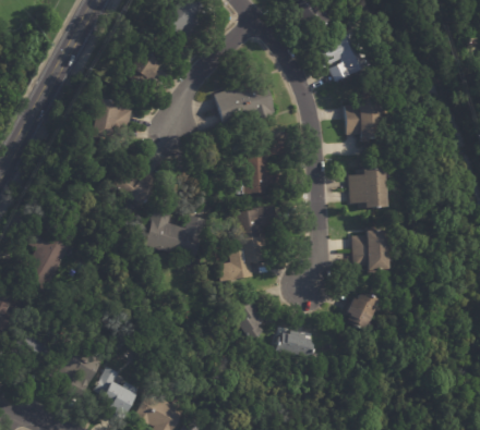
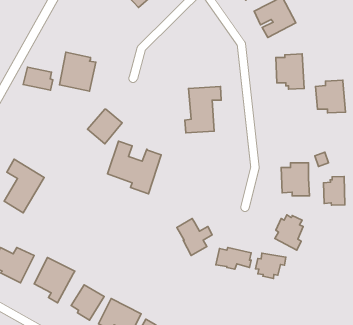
building: [127,48,169,84] -> none
building: [217,76,277,120] -> none
building: none -> [23,67,53,90]
building: [351,168,387,207] -> [316,80,346,113]
building: [220,205,277,280] -> none
building: none -> [323,177,345,205]
building: none -> [256,253,286,279]

